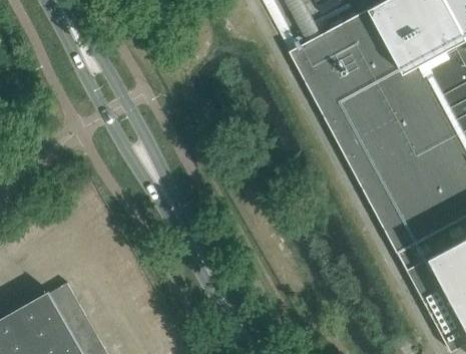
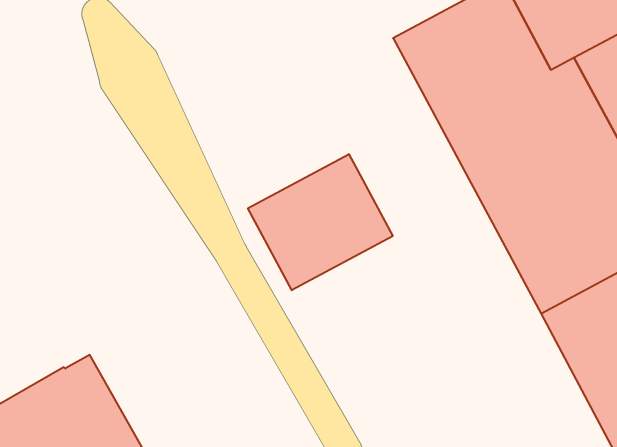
building: none -> [248,154,393,290]

